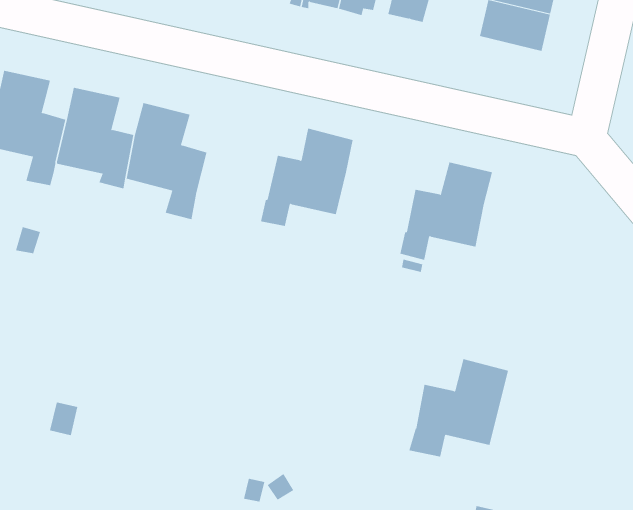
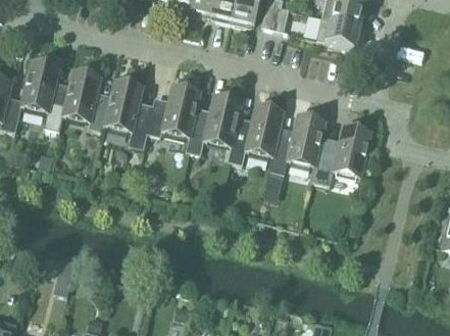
building: none -> [147,83,200,136]
building: none -> [228,102,283,162]
building: [409,359,509,457] -> [310,124,370,183]

